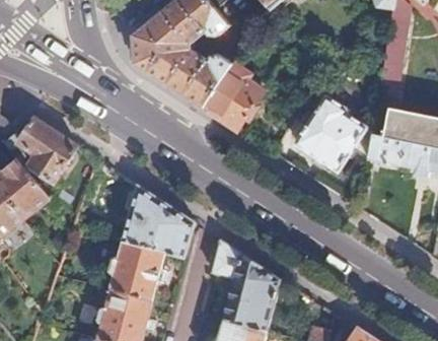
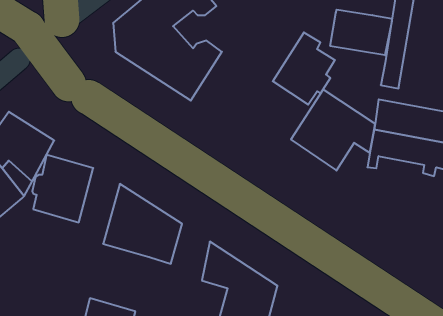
building: none -> [330,10,392,55]
building: [203,64,260,130] -> [273,32,335,105]
building: [110,240,165,301] -> [32,155,93,222]

